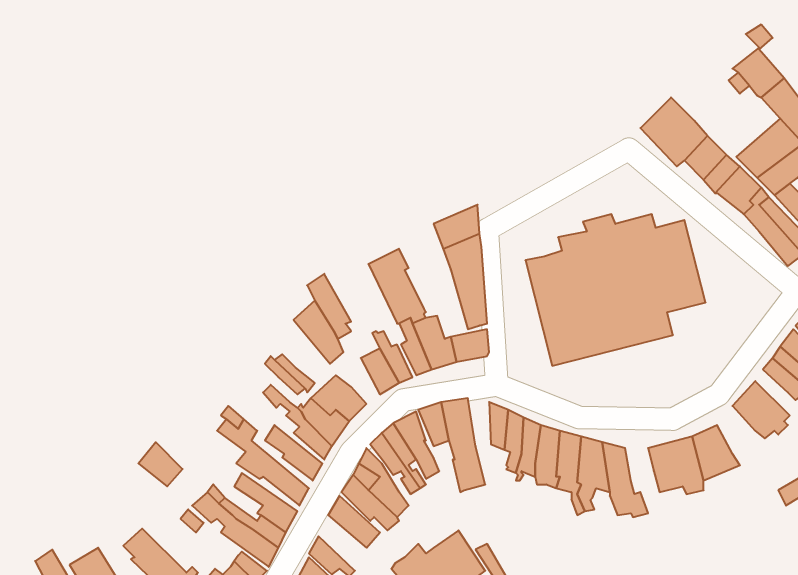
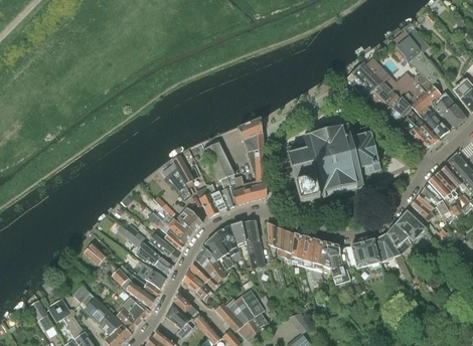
building: none -> [386,223,410,254]

